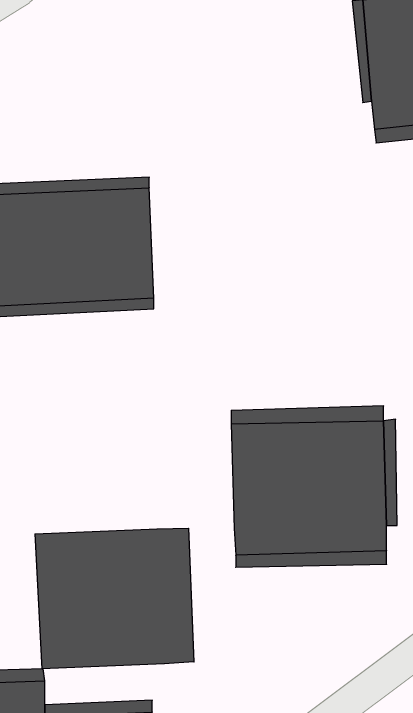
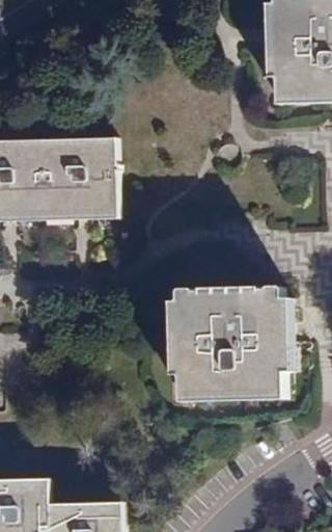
building: [35,528,194,669] -> none

